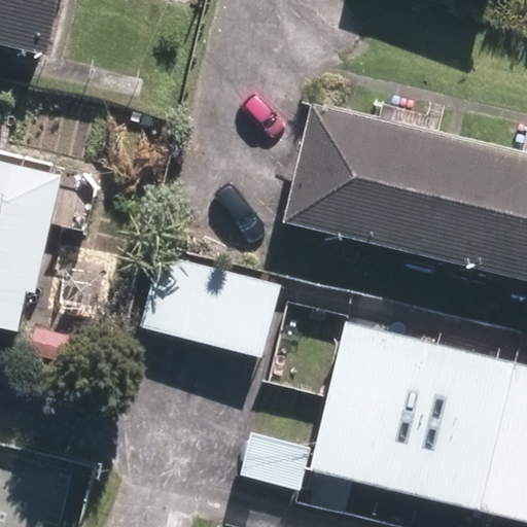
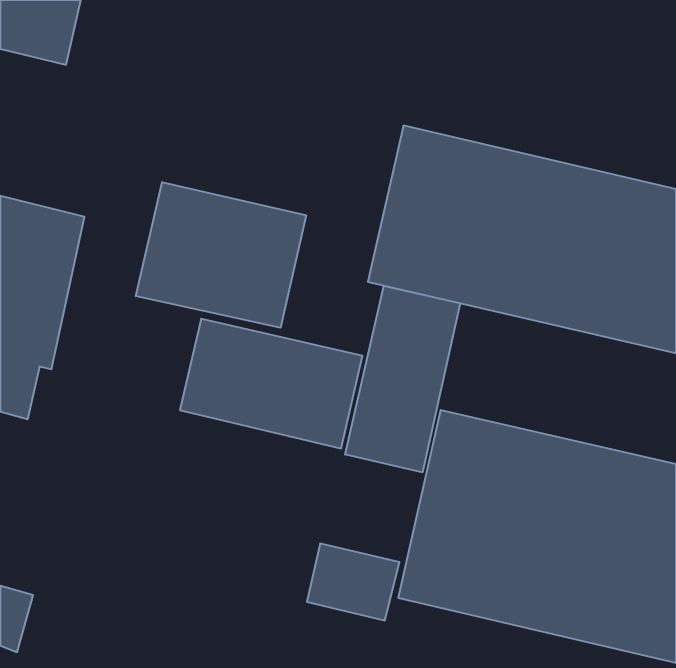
building: none -> [136,182,306,328]
building: none -> [345,286,460,472]

